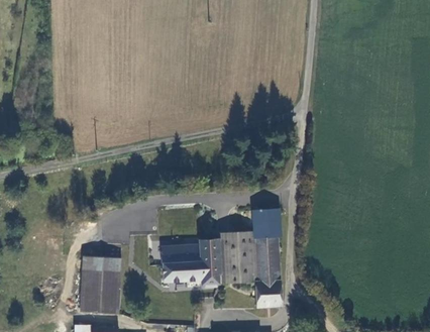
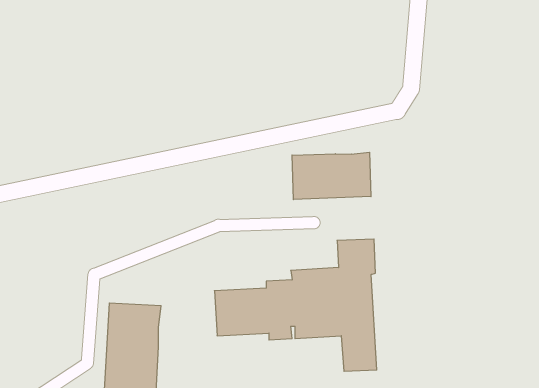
building: none -> [292,152,371,200]

